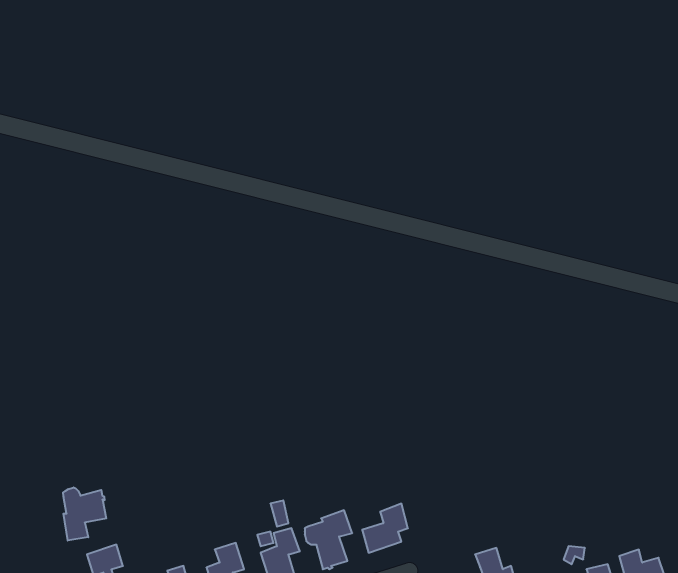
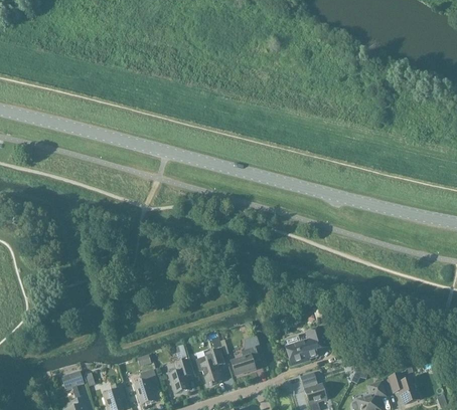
building: none -> [286,327,328,365]
building: [63,487,106,541] -> none

